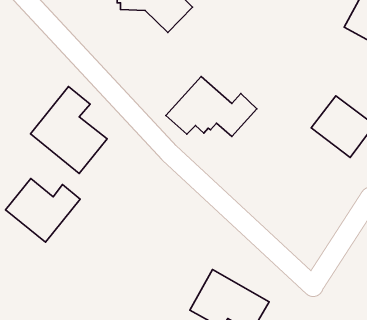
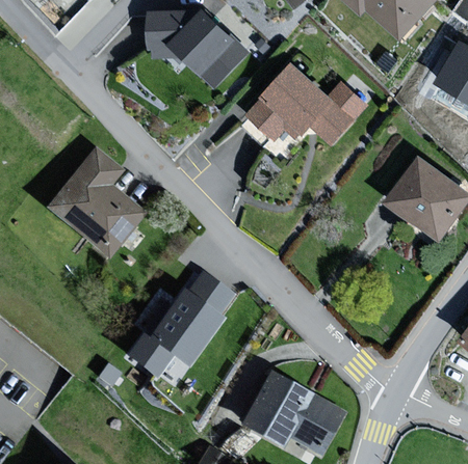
building: [166,77,257,137] -> [250,66,362,140]
building: [5,178,80,242] -> none
building: none -> [128,274,231,376]

